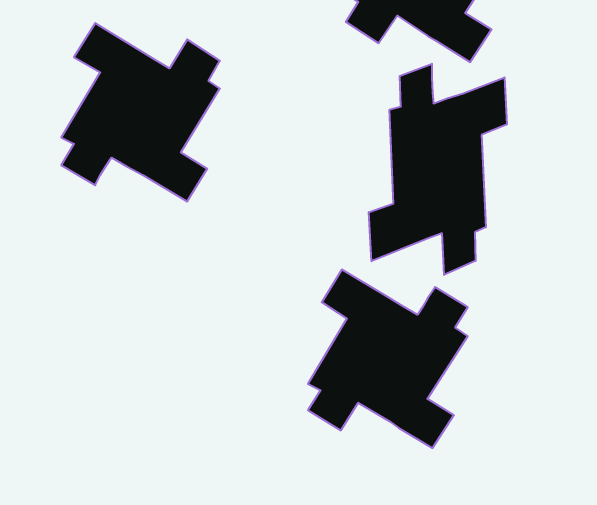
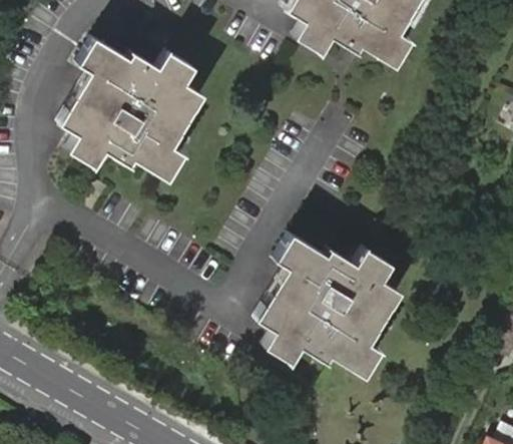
building: [369,64,507,275] -> none

